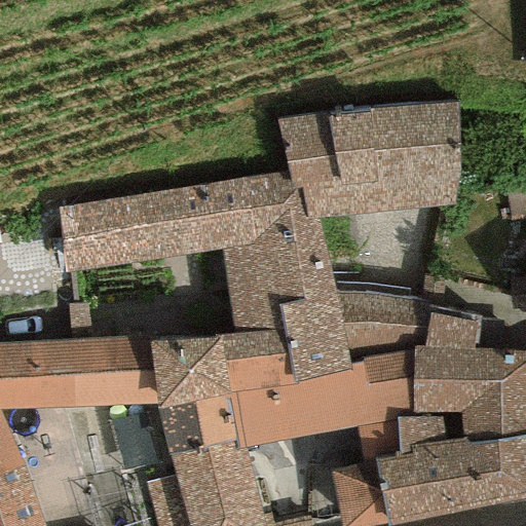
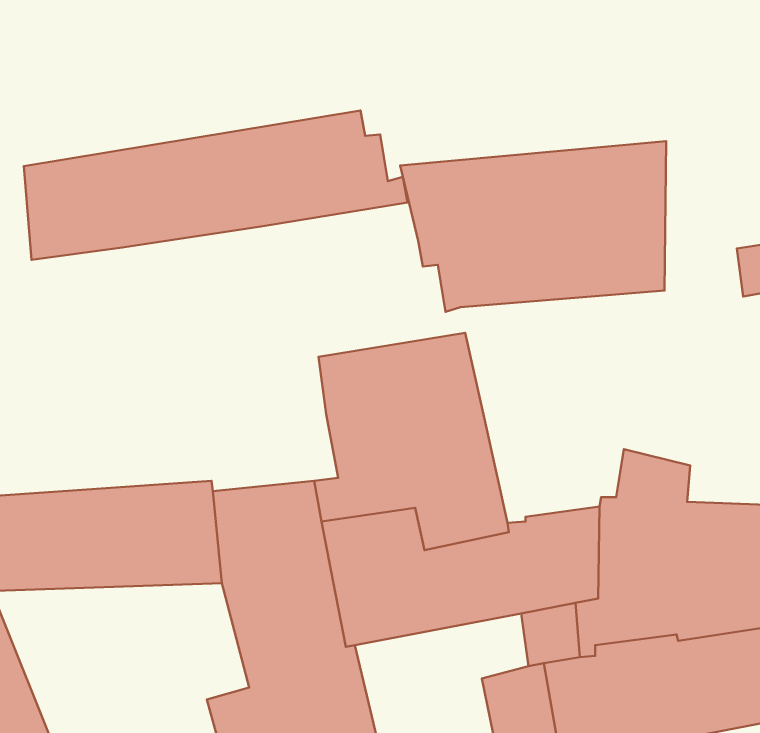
building: [62,171,323,272] -> [24,110,407,260]
building: [336,290,433,363] -> none

